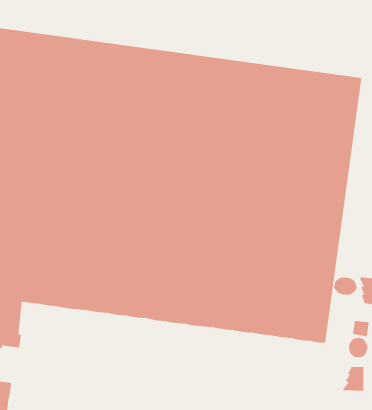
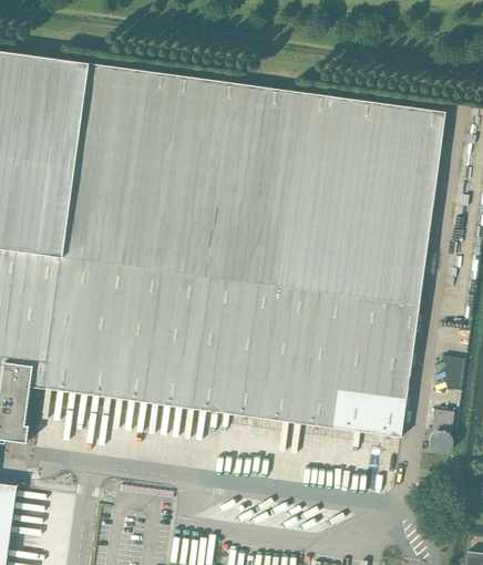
building: [334,276,357,296] -> none
building: [343,366,364,392] -> none

